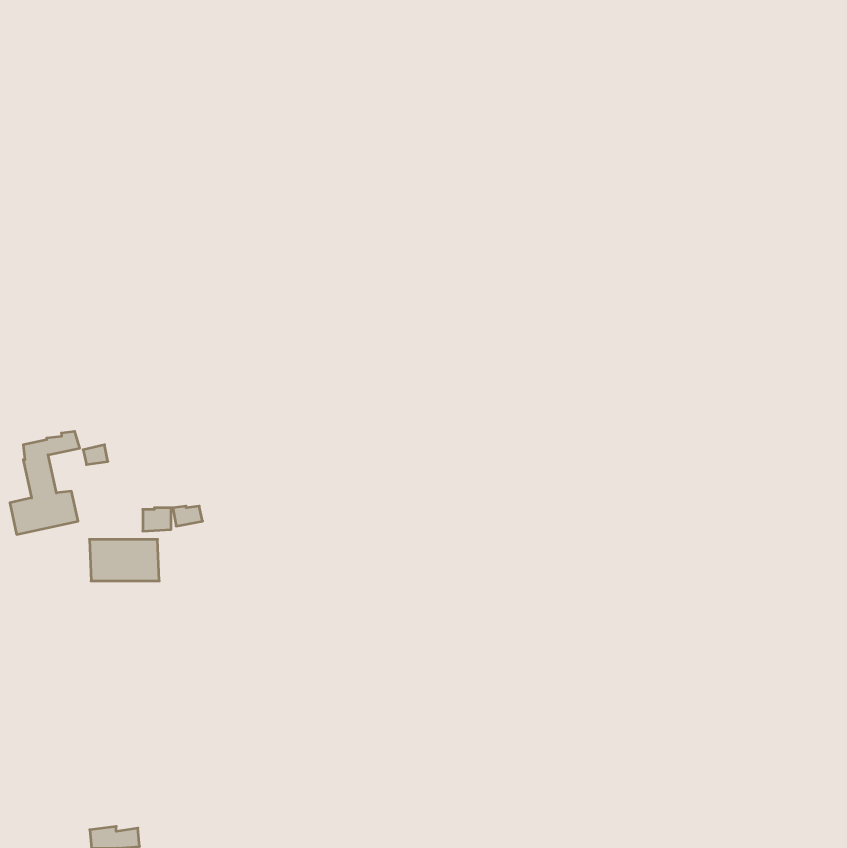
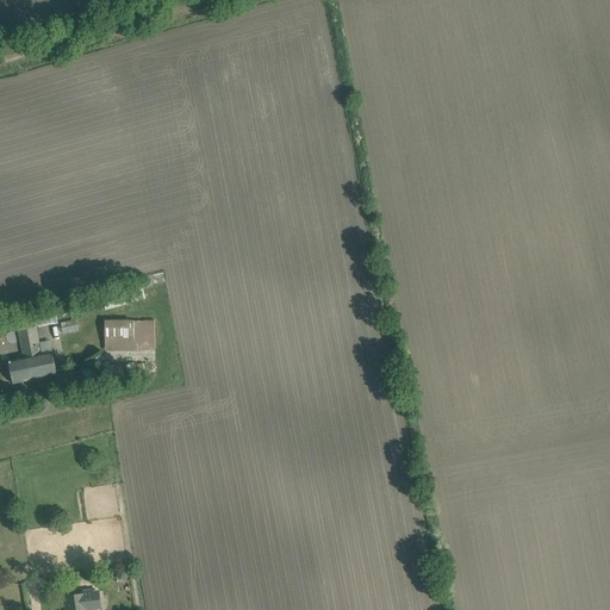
building: [89,539,159,581] -> [105,320,155,350]

